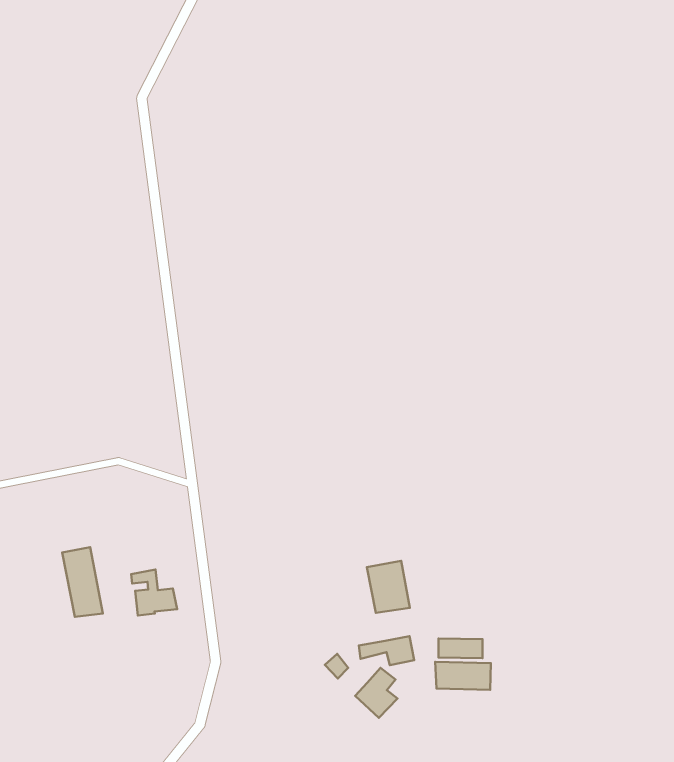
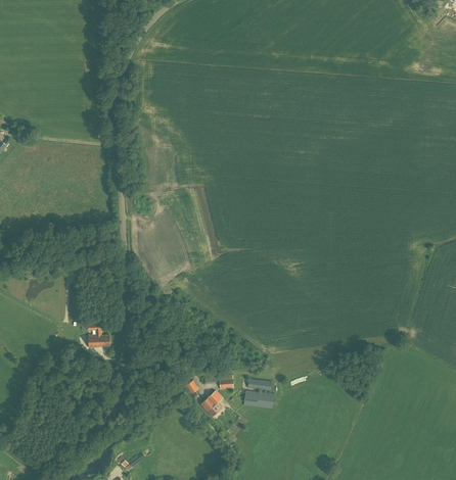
building: [62,547,103,617] -> none
building: [367,561,410,613] -> none

